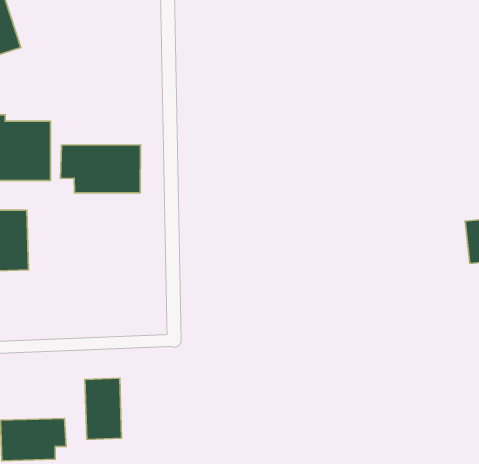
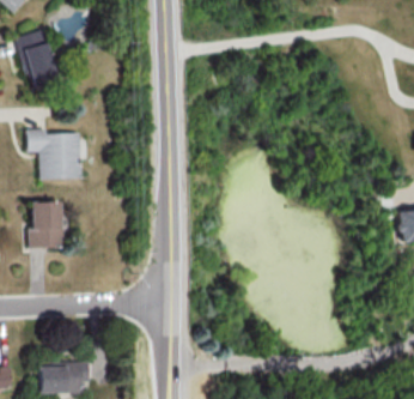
building: [61,145,141,193] -> none
building: [85,378,122,439] -> none

